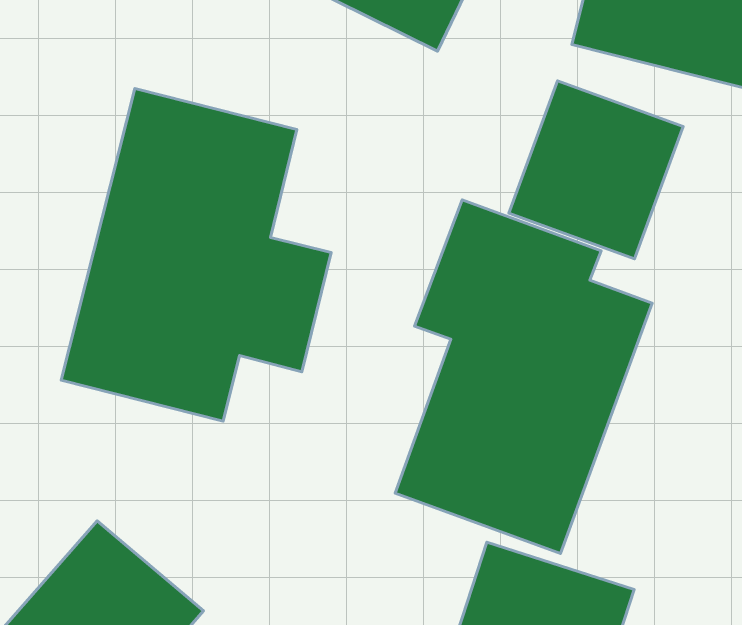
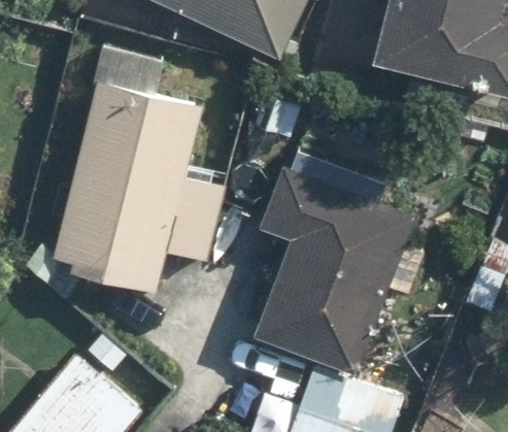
building: [509,81,683,259] -> none

